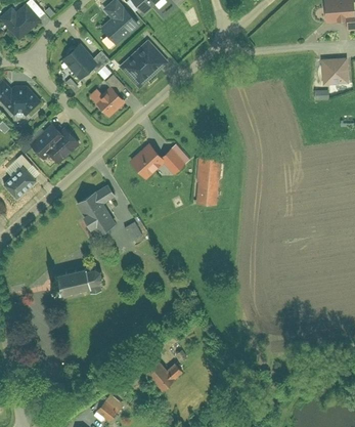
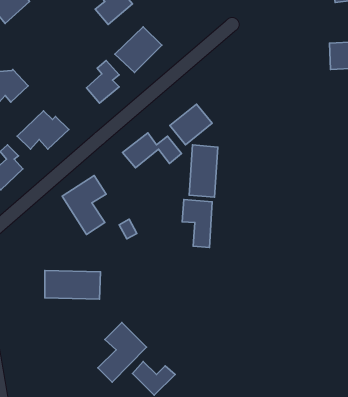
building: [61,42,110,78] -> none
building: none -> [170,104,212,145]
building: none -> [182,200,212,247]
building: none -> [98,322,146,382]

